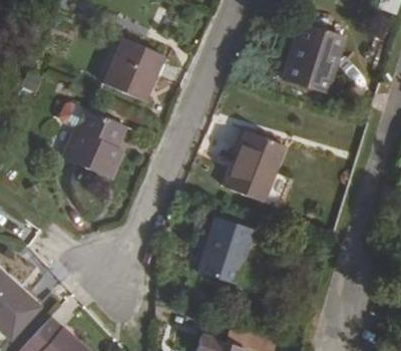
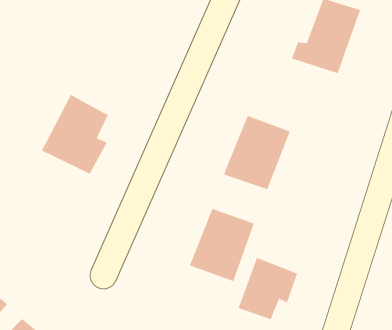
building: [106,41,166,104] -> none
building: none -> [238,257,298,320]

